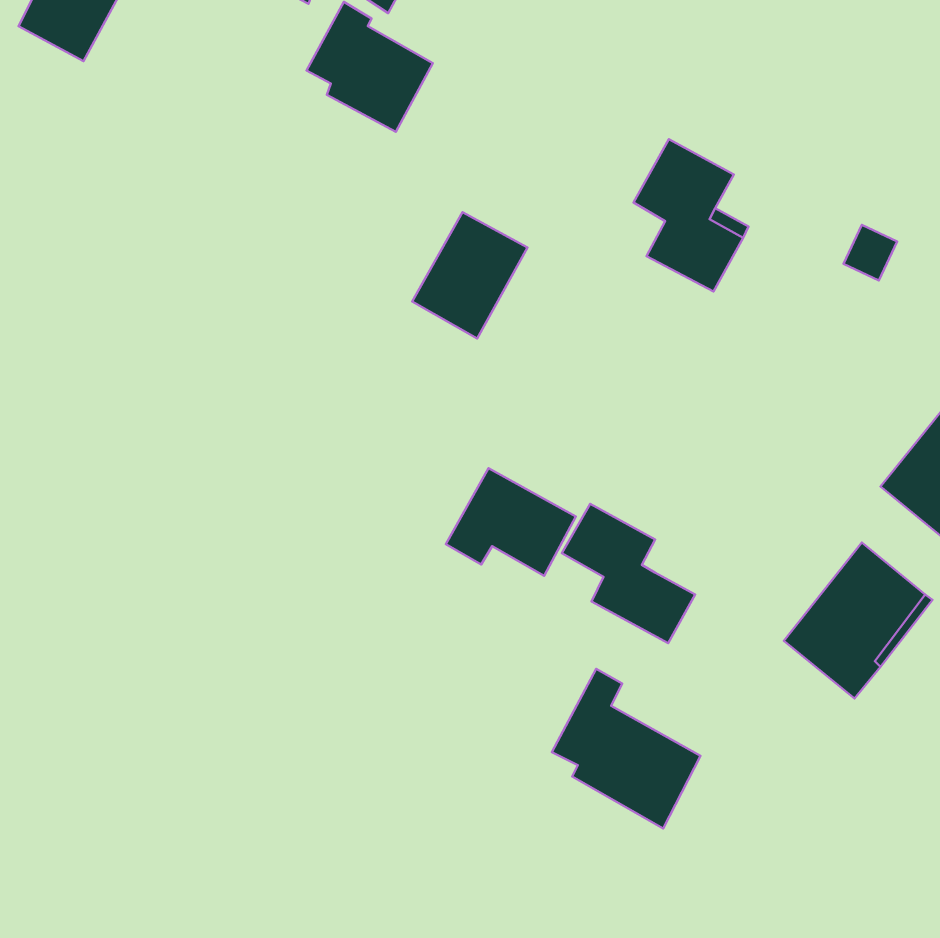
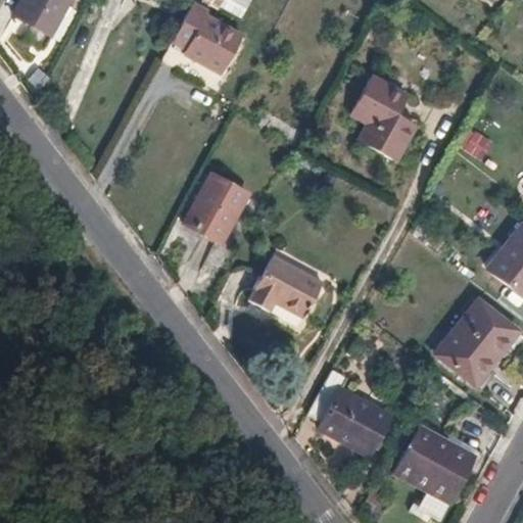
building: [412,212,527,339] -> [186,174,249,243]
building: [562,504,695,643] -> none
building: none -> [394,426,476,504]

